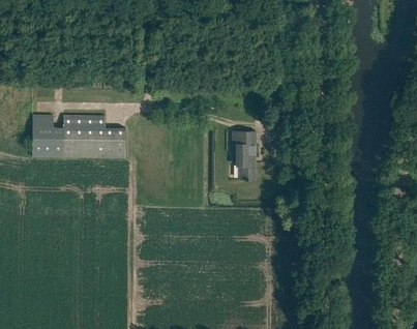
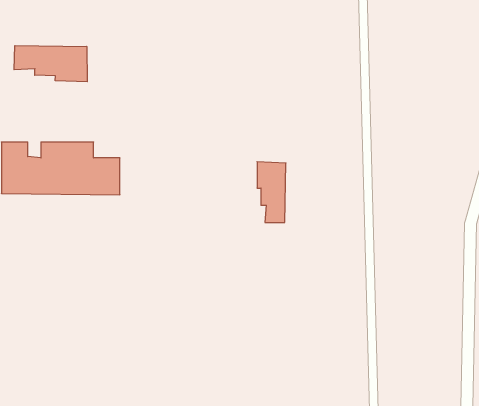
building: none -> [14,46,87,82]

